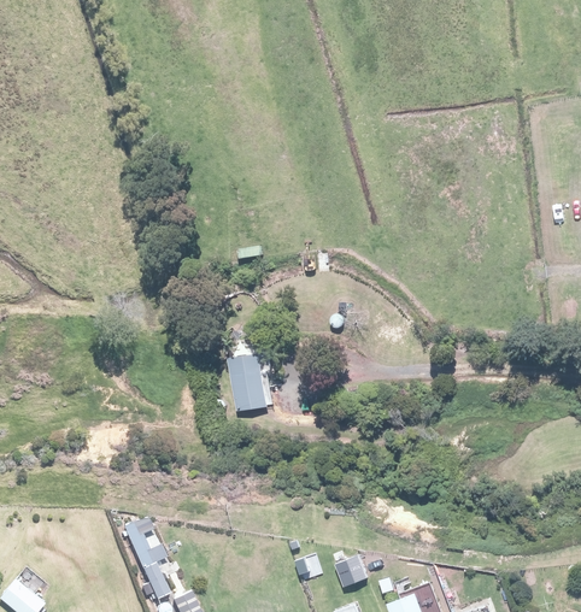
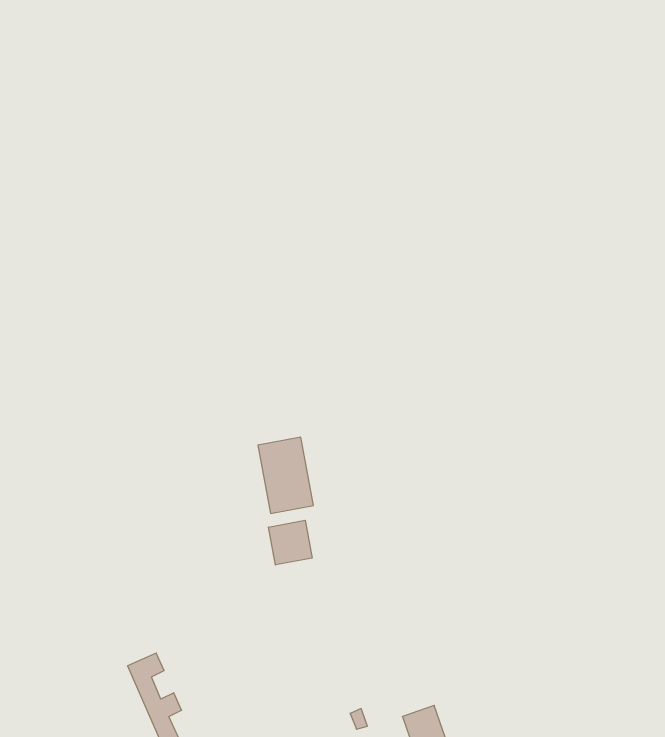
building: none -> [268,520,312,565]

